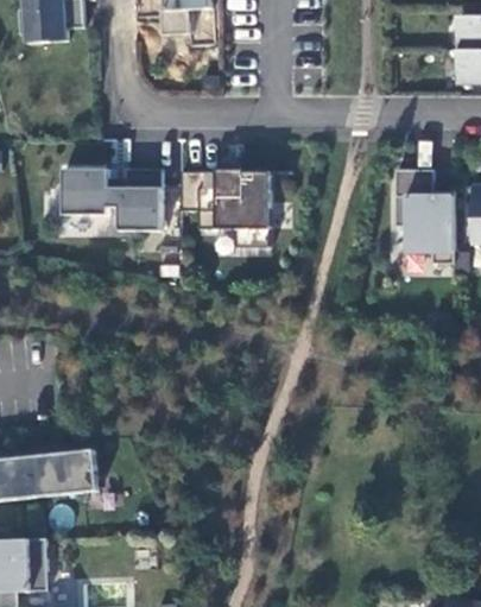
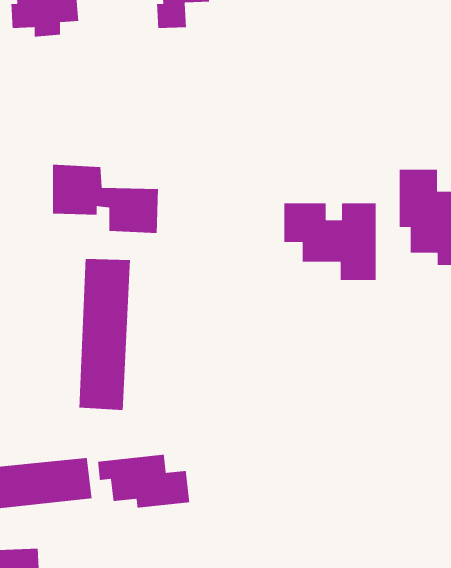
building: [181,170,271,246] -> [284,202,377,281]
building: none -> [78,258,131,411]
building: none -> [97,454,190,509]

